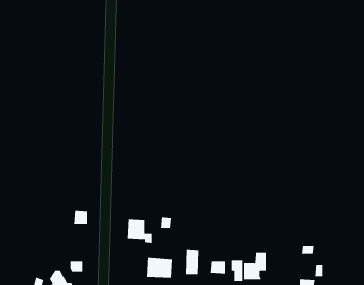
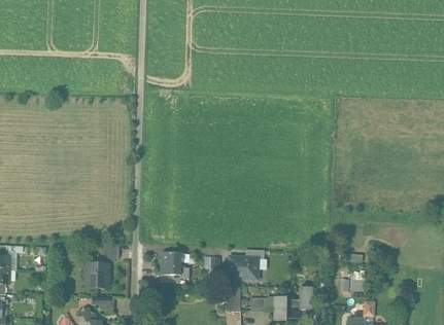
building: none -> [87,263,108,288]
building: [146,257,173,278] -> [229,256,258,279]

